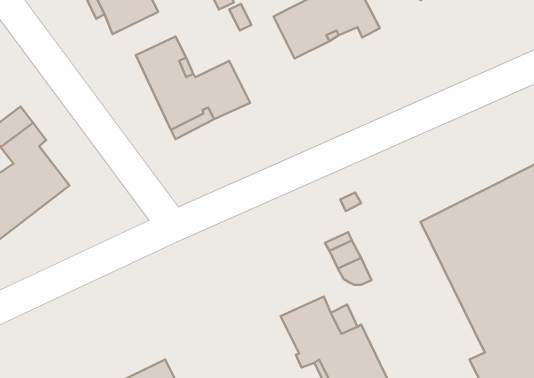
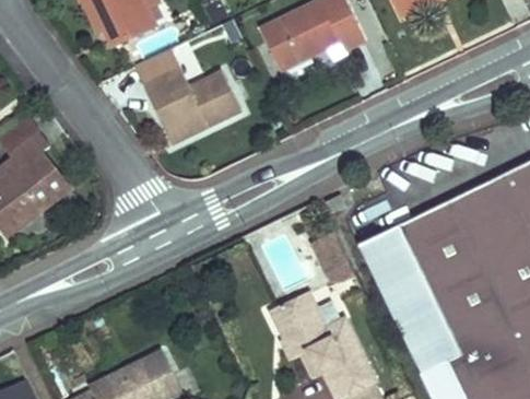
building: none -> [363,223,461,364]

